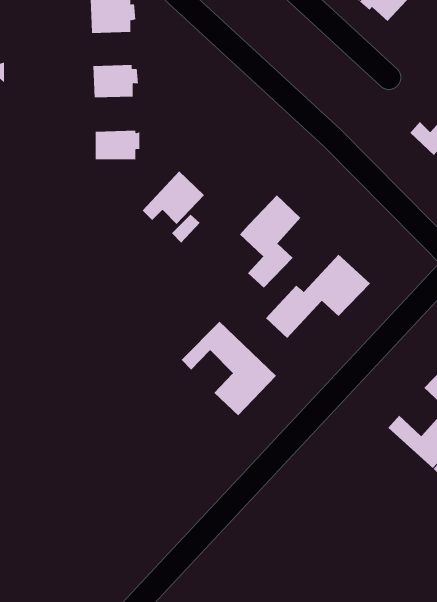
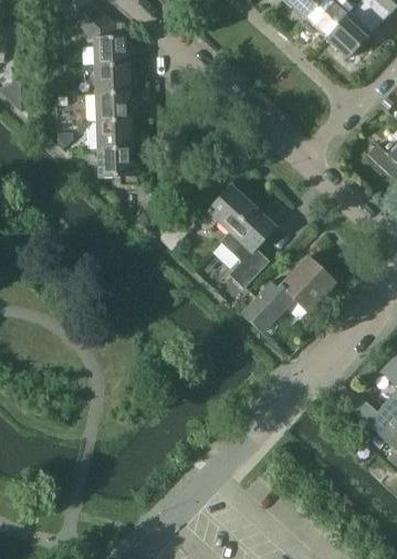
building: none -> [82,66,134,95]
building: none -> [96,122,135,151]
building: [142,171,205,225] -> [199,184,253,231]
building: [181,321,277,416] -> none

